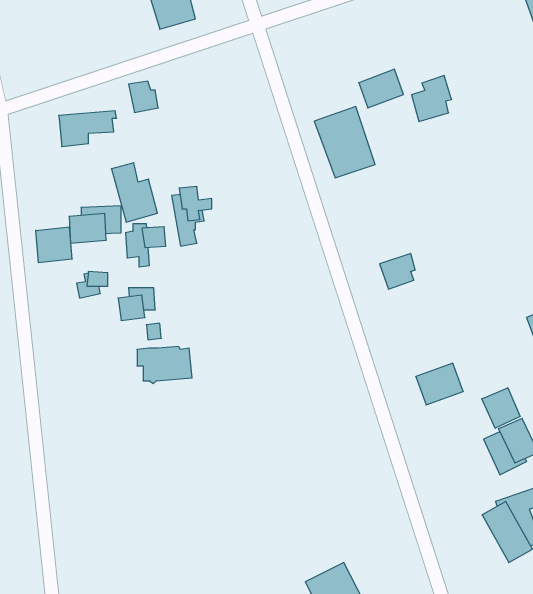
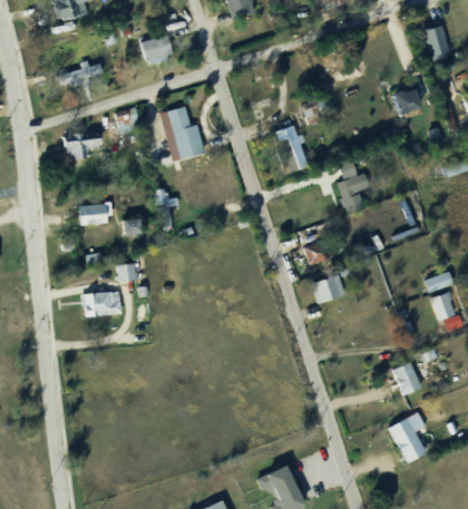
building: none -> [58,60,104,88]
building: [412,76,452,122] -> [391,81,421,116]
building: [111,163,157,222] -> [168,114,203,158]
building: none -> [337,172,370,213]
building: [36,227,72,263] -> none
building: [137,347,192,384] -> [79,291,120,319]
building: [416,363,463,405] -> [310,273,345,304]
building: [482,388,520,428] -> none

